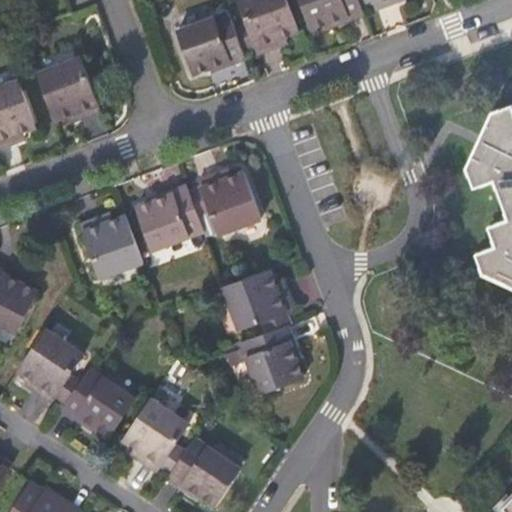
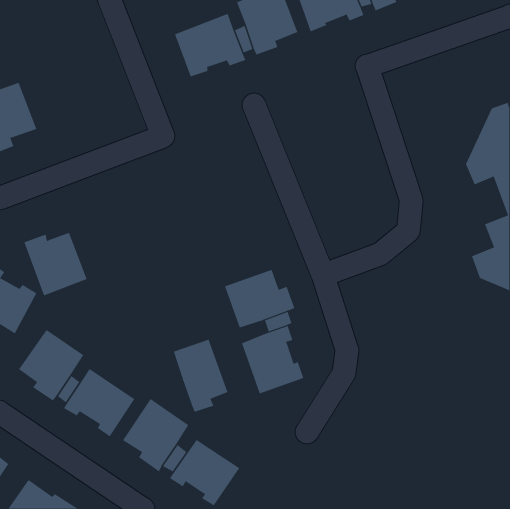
building: [37,60,102,123] -> none
building: [198,172,262,235] -> none
building: [136,185,204,250] -> none
building: [80,215,144,279] -> [24,232,88,296]
building: none -> [173,339,228,413]

